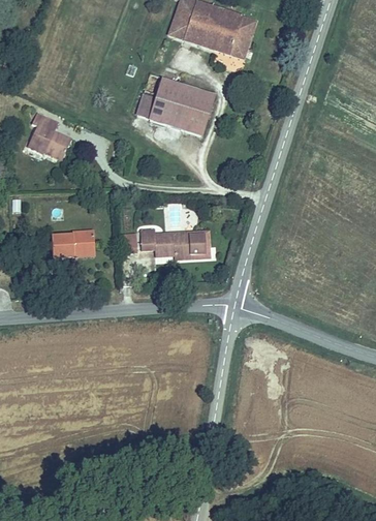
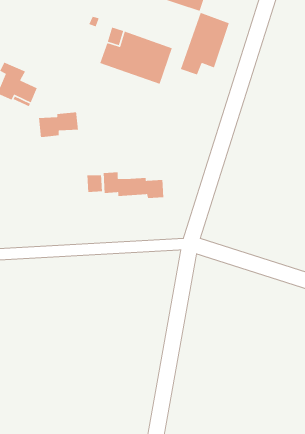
building: none -> [180,12,230,75]
building: [54,229,97,257] -> [38,112,79,138]

